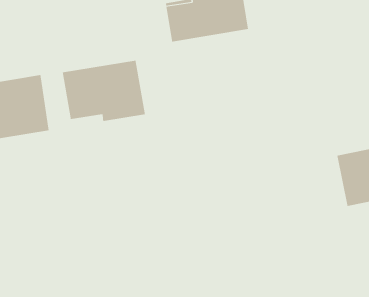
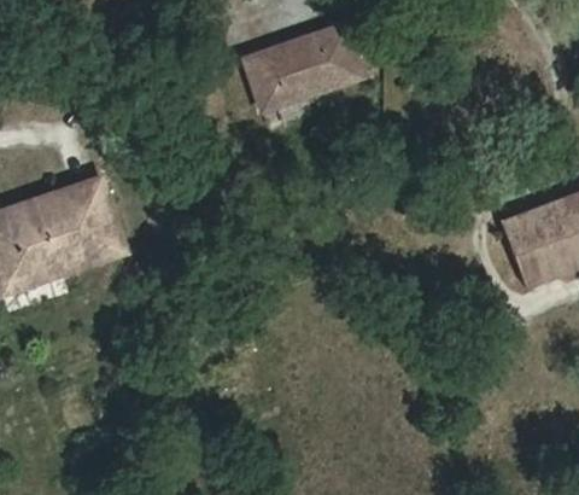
building: [62,60,146,122] -> none

